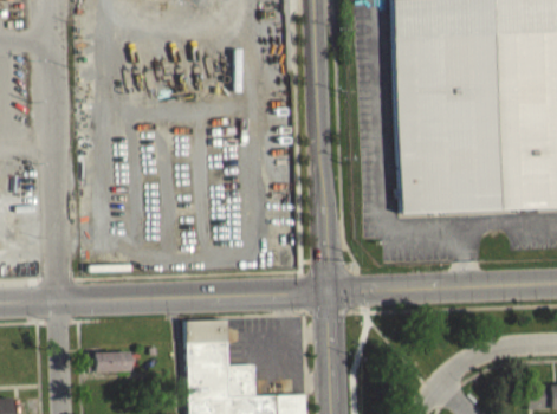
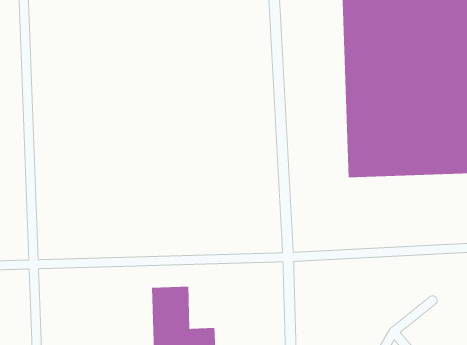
building: [90,355,131,376] -> none

